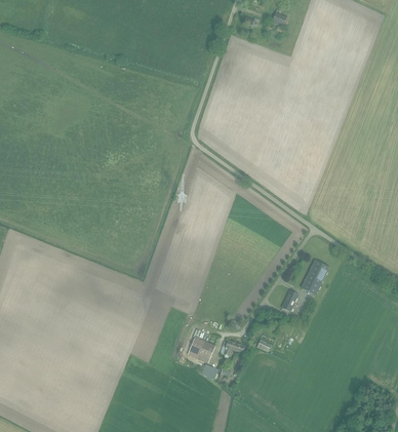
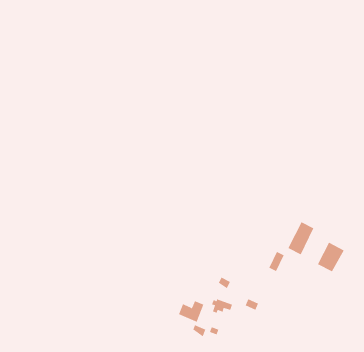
building: none -> [317,242,344,272]

